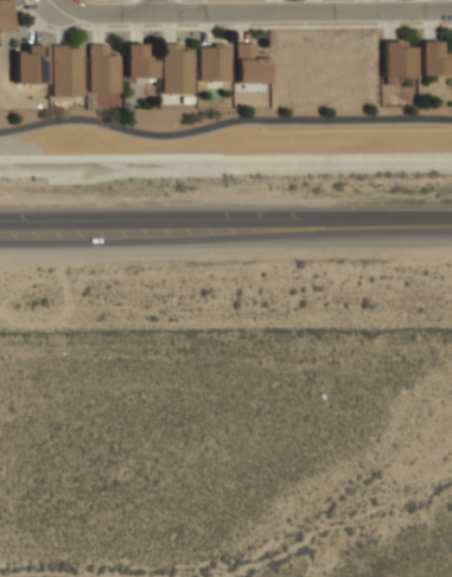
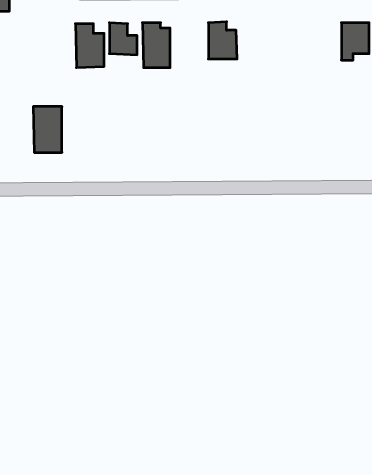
building: [19,45,50,85] -> none
building: [203,45,233,82] -> none
building: [55,46,87,97] -> [33,107,62,152]

